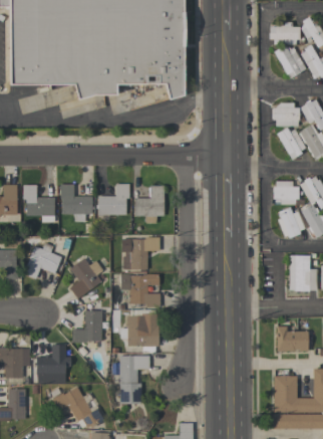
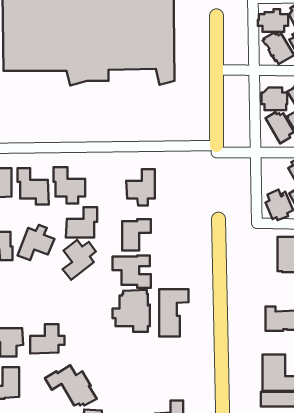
building: [273,181,301,205] -> none
building: [97,184,129,215] -> [66,207,97,238]
building: [72,310,102,343] -> none
building: [119,356,149,404] -> [159,289,189,336]

